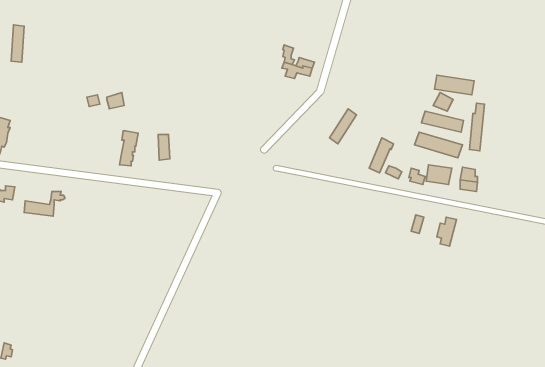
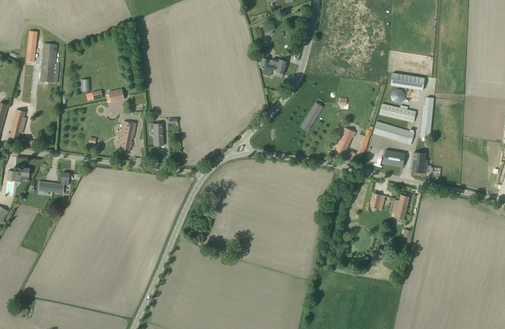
building: none -> [40,43,59,83]

